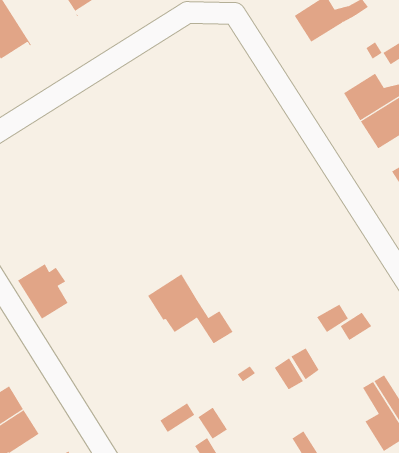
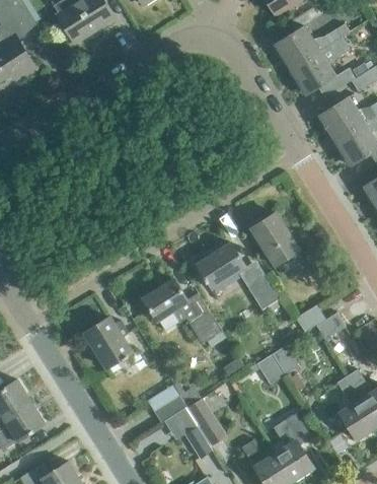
building: none -> [290,51,335,94]
building: none -> [251,212,299,266]
building: none -> [197,243,280,309]
building: [17,264,69,320] -> [84,317,131,367]

